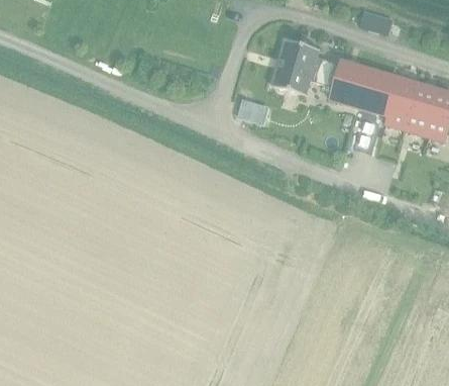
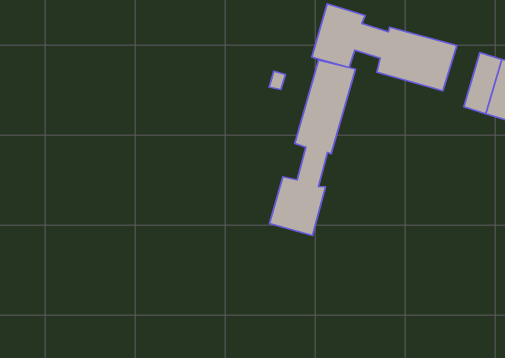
building: [385,76,420,129] -> none
building: none -> [270,60,355,236]

